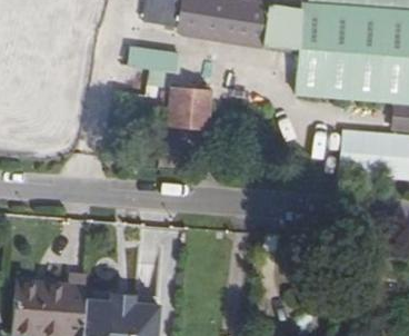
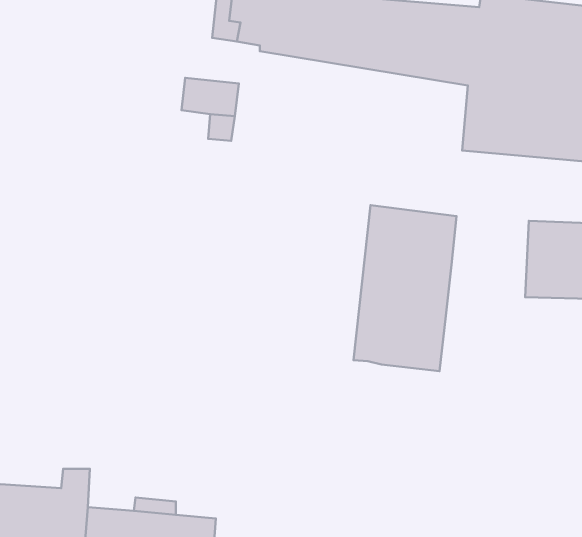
building: [163,88,213,129] -> none
building: none -> [353,205,457,371]

